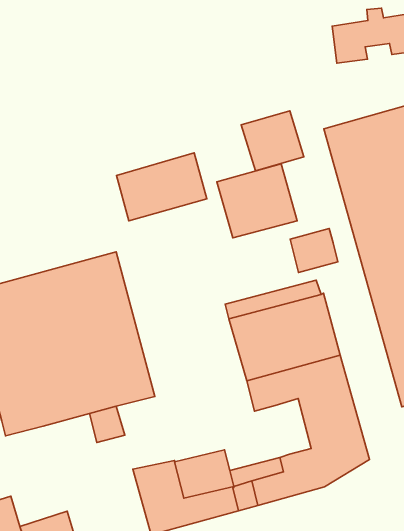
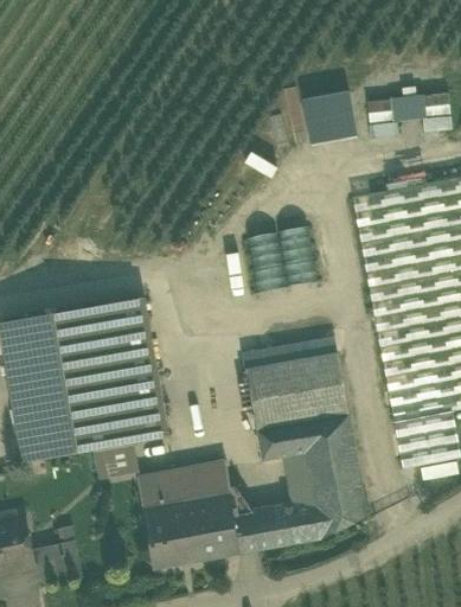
building: [241,111,304,171] -> [300,88,357,142]
building: [116,153,207,221] -> none
building: [290,228,338,272] -> none
building: none -> [282,449,313,501]
building: none -> [137,460,230,503]

